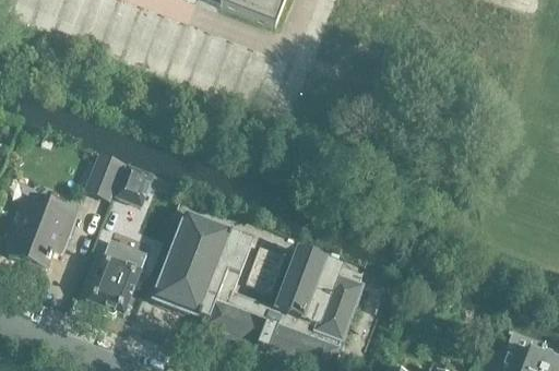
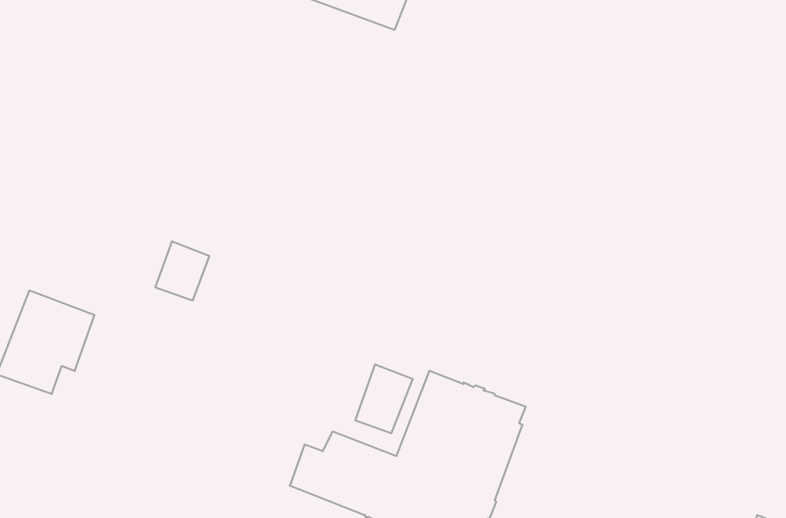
building: [83,153,120,195] -> none
building: [153,212,251,325] -> none
building: [84,246,140,313] -> none

